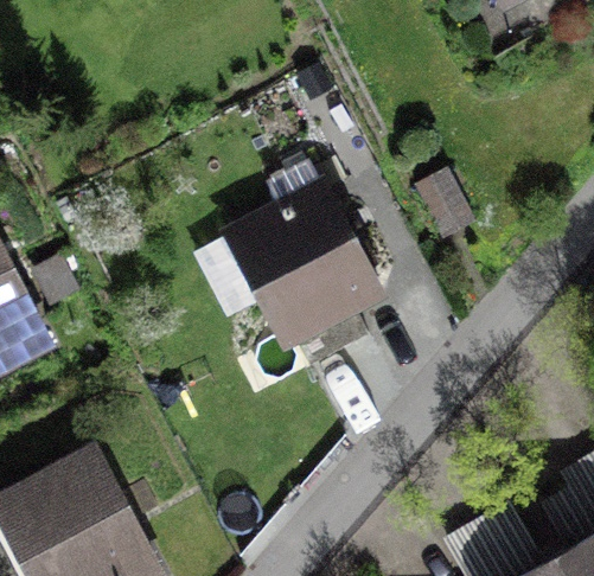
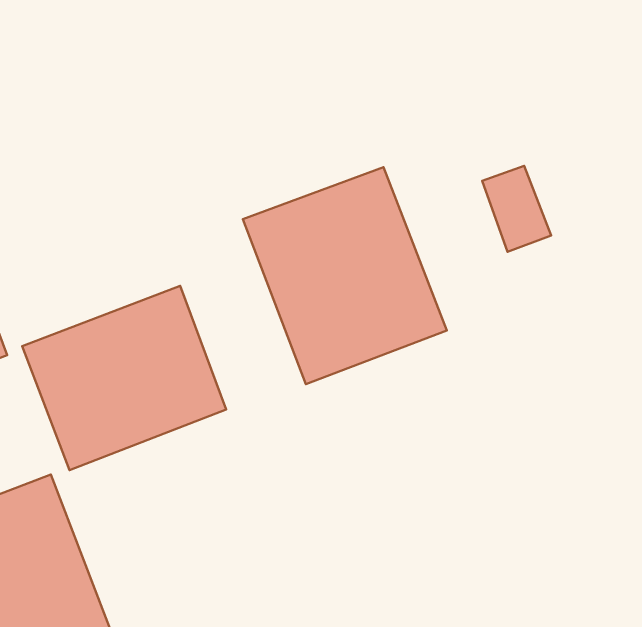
building: none -> [22,286,226,470]

